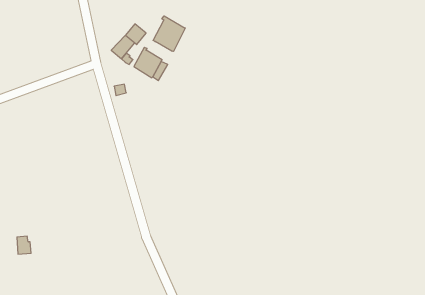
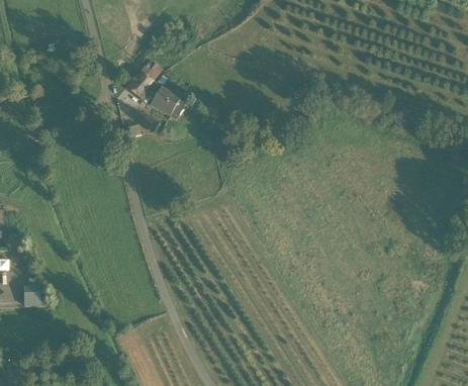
building: [153,16,185,51] -> none

